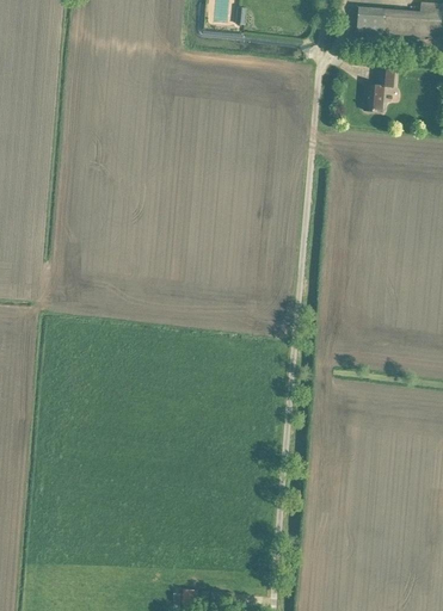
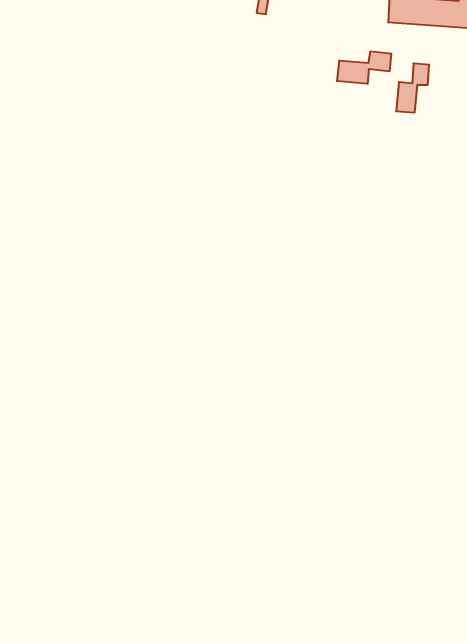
building: none -> [337,51,391,84]

